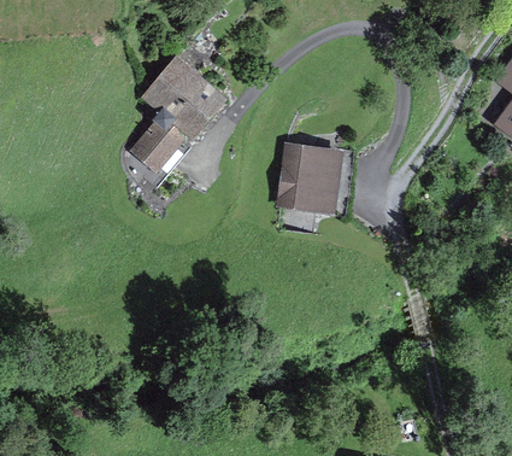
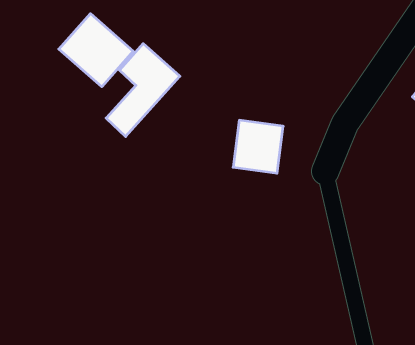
building: none -> [59,14,133,87]

